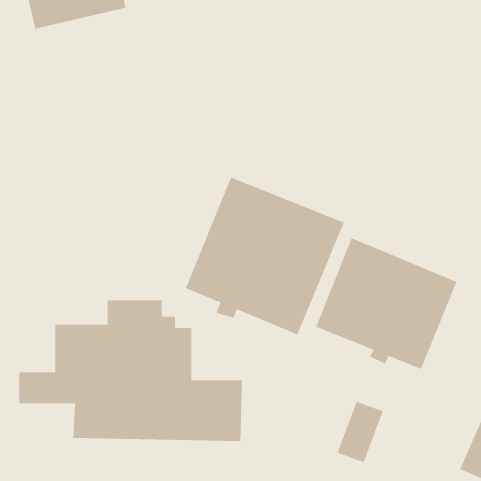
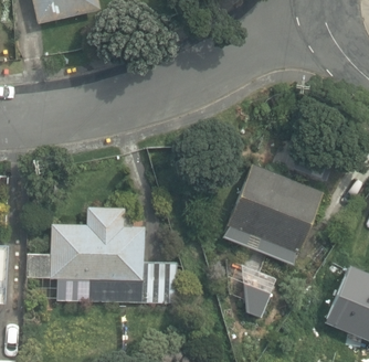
building: [185,177,345,335] -> none

